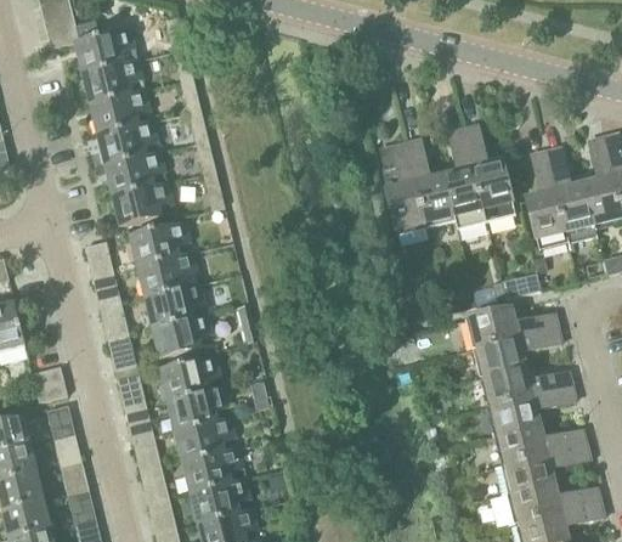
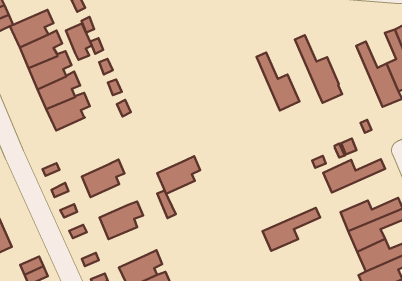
building: none -> [66,23,92,60]
building: [445,128,486,228] -> none
building: [375,142,425,228] -> none
building: [525,151,567,248] -> none
building: [113,181,173,226] -> none
building: [130,221,190,265] -> none
building: [145,281,204,326] -> [157,156,200,194]
building: [477,327,560,376] -> [262,208,320,251]
building: [159,355,220,399] -> none

